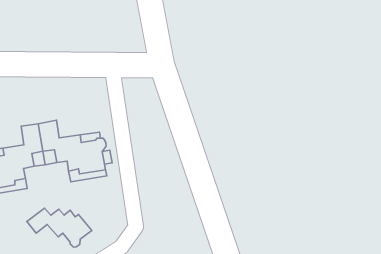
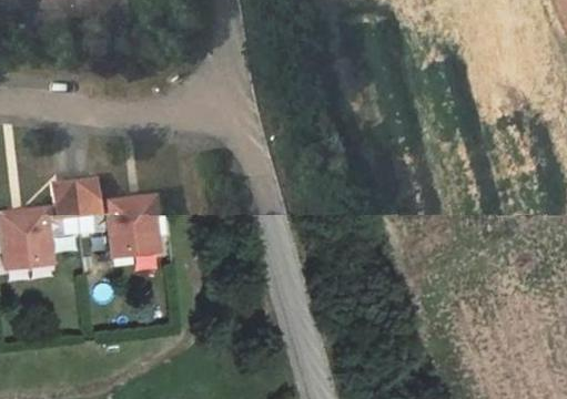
building: [27,208,92,247] -> none

